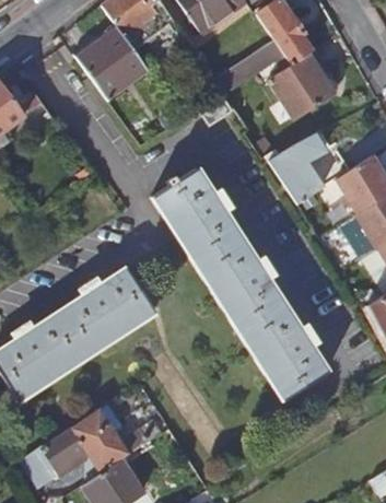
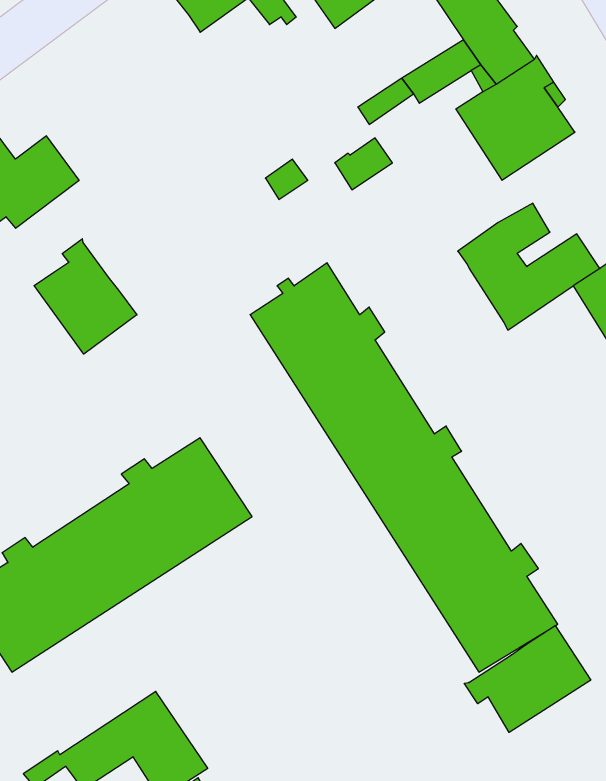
building: [77,26,149,101] -> none
building: none -> [34,239,137,354]
building: none -> [464,626,591,732]

